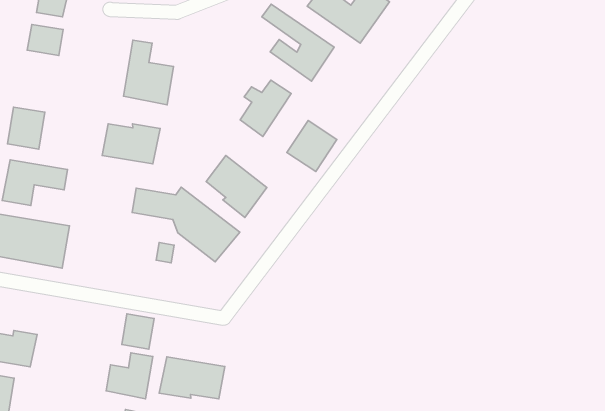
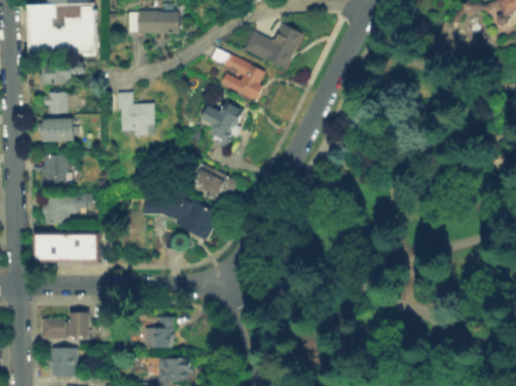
building: none -> [41,120,74,140]
building: [287,120,337,172] -> none
building: [102,124,160,164] -> none
building: [122,314,154,349] -> none
building: [159,357,225,399] -> none

